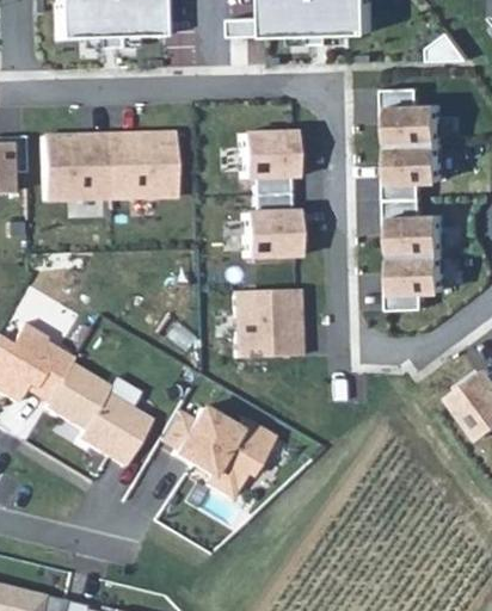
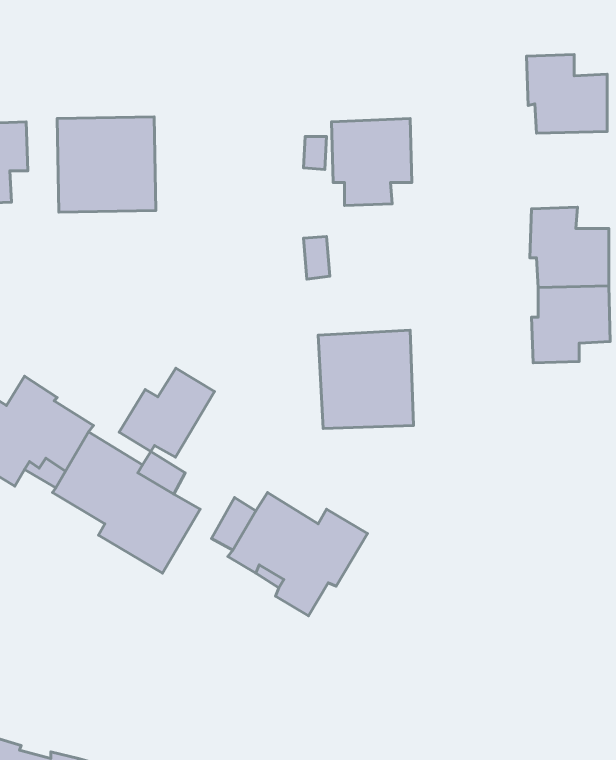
building: [115,130,178,199] -> none
building: [388,142,445,198] -> none
building: [246,195,305,258] -> none
building: none -> [119,368,215,457]

